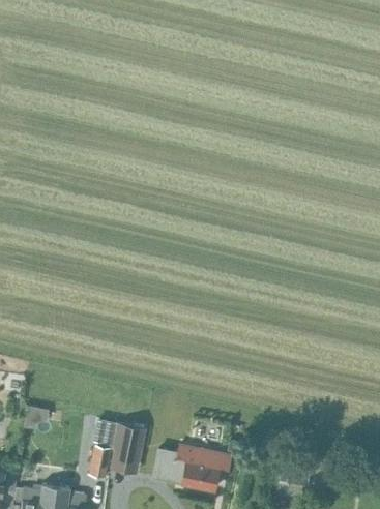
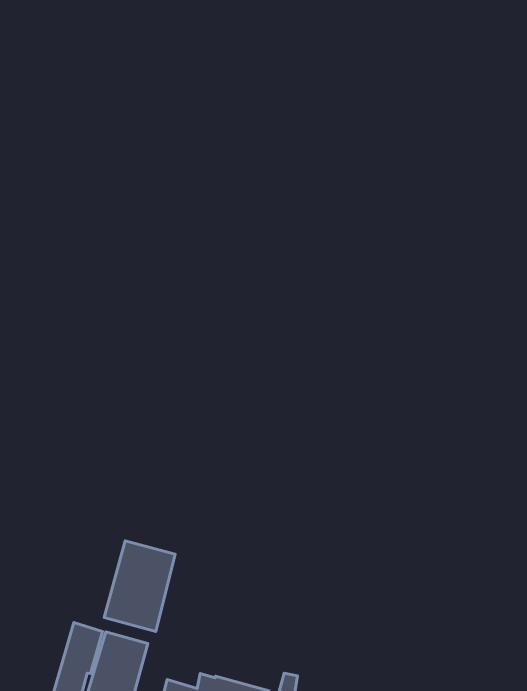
building: none -> [104,541,175,632]

